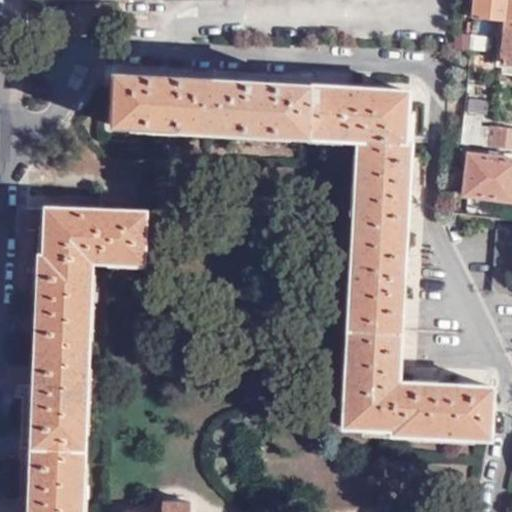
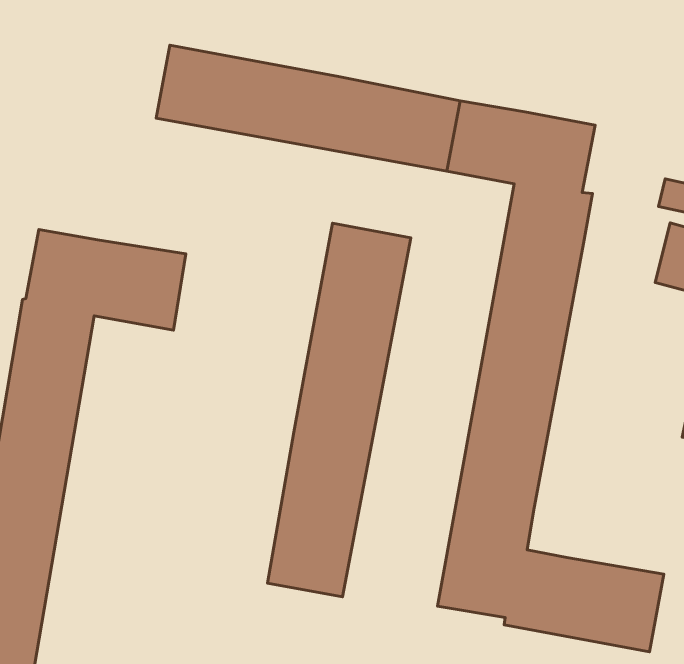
building: none -> [267,223,411,597]

